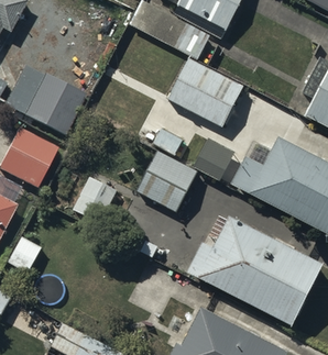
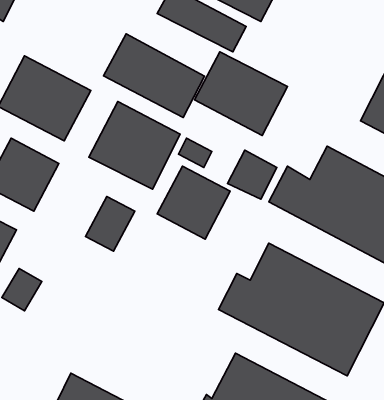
building: none -> [103,34,205,118]
building: none -> [89,101,180,189]

